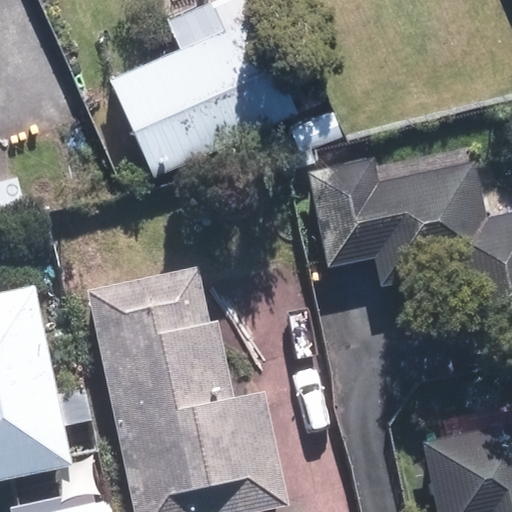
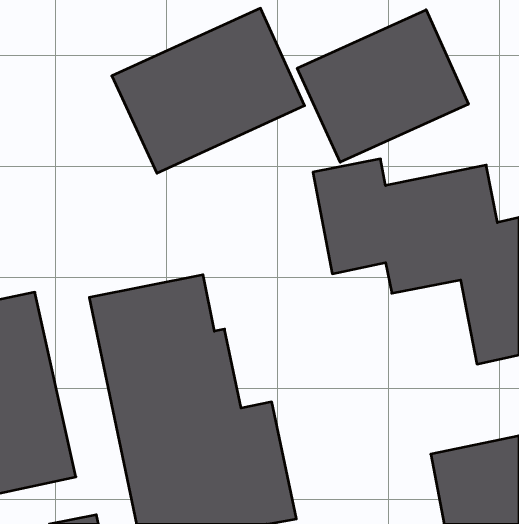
building: none -> [297,10,468,162]

